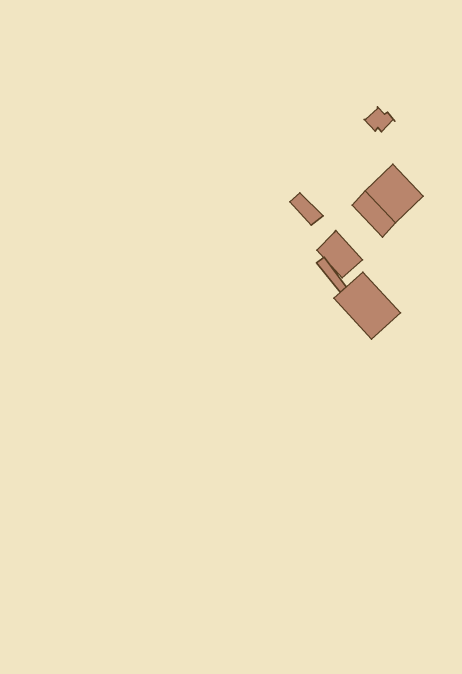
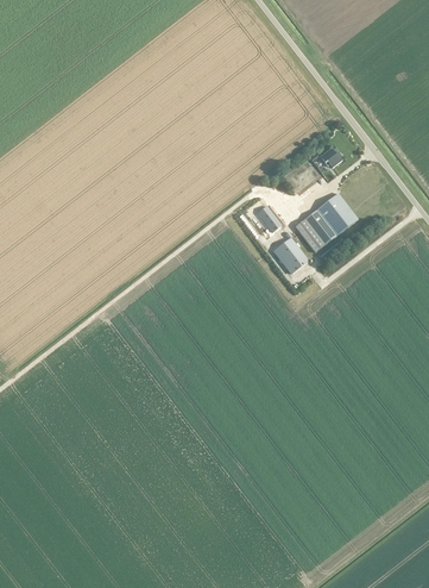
building: [334,272,401,339] -> none

